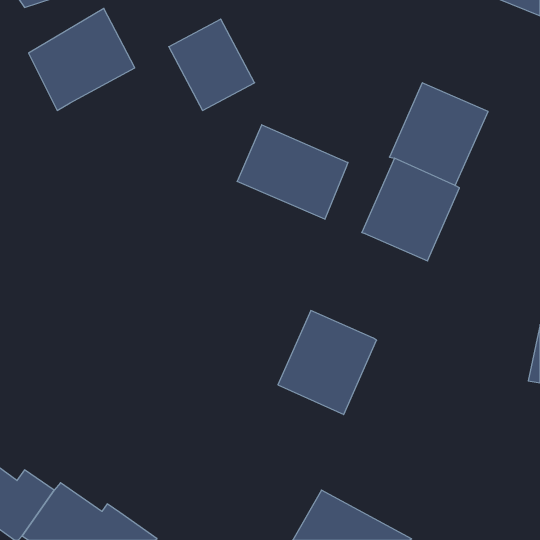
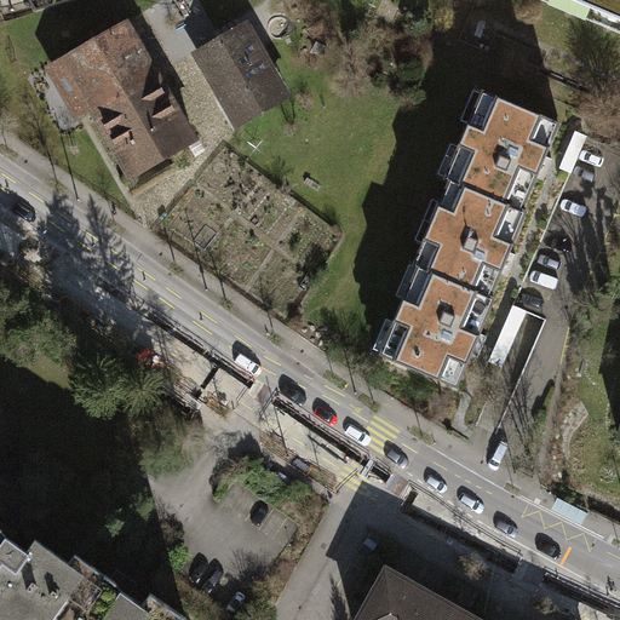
building: none -> [80,78,191,185]
building: [237,125,348,219] -> none
building: [278,311,377,415] -> [379,266,492,385]

